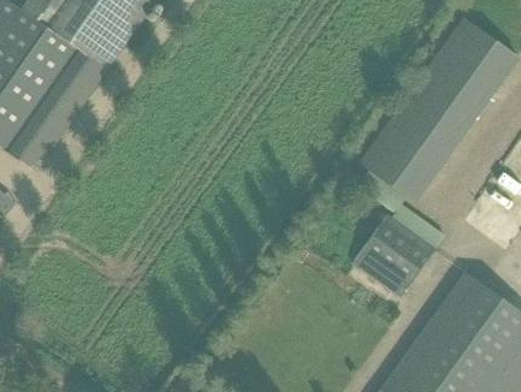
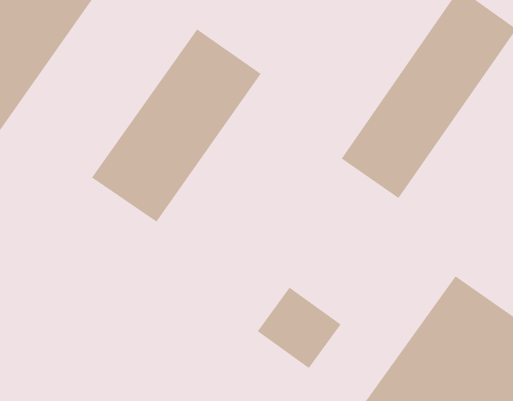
building: none -> [91,28,261,223]
building: [356,214,432,287] -> [257,287,342,369]

